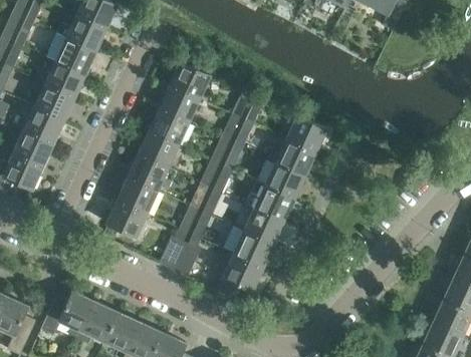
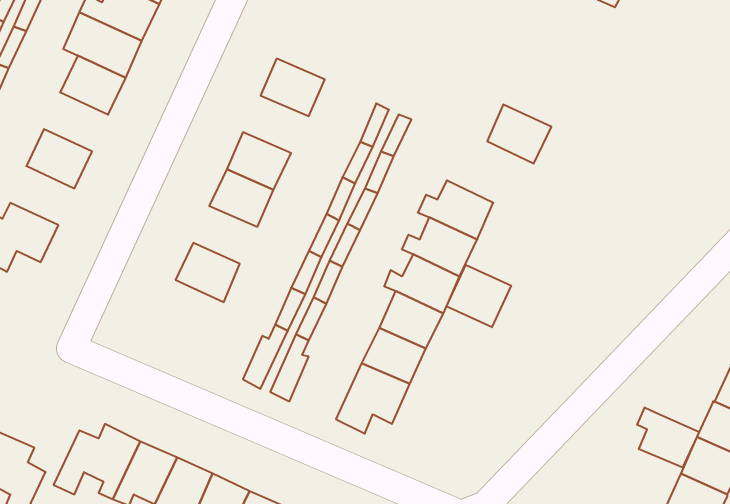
building: [34,83,74,120] -> none
building: [159,85,200,121] -> none
building: [286,115,326,152] -> [487,104,551,164]
building: [13,129,53,166] -> none
building: [128,154,168,191] -> none
building: none -> [446,265,511,327]
building: [106,201,147,237] -> none
building: none -> [637,407,699,468]

